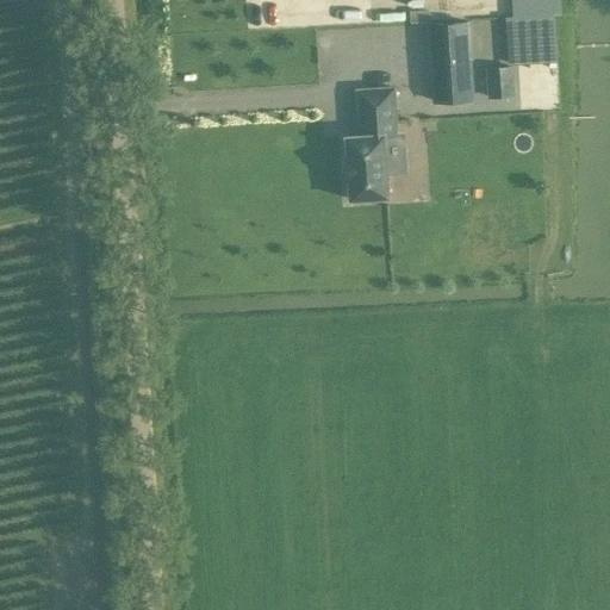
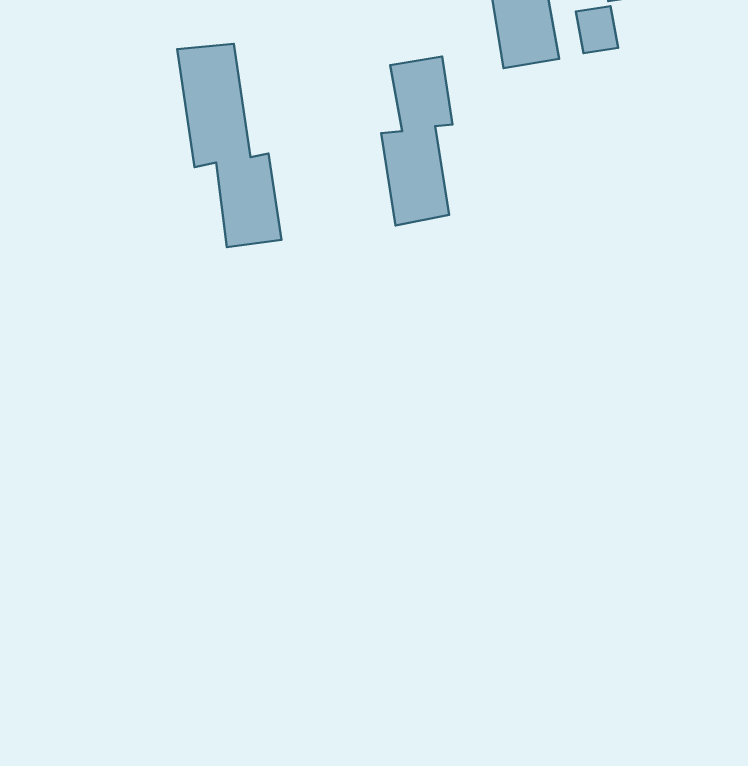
building: none -> [177,44,281,247]

